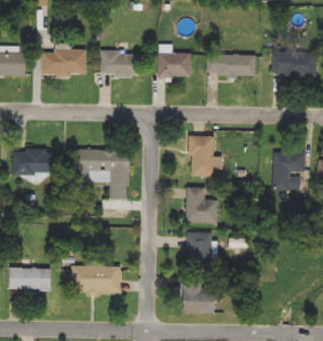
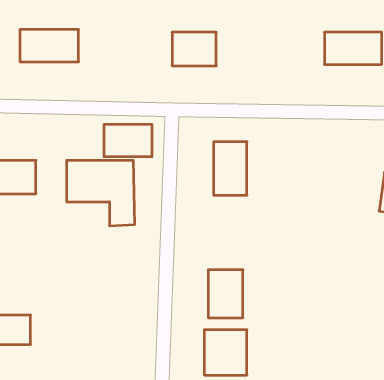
building: [100,51,136,75] -> [104,125,152,157]
building: [205,55,254,75] -> none
building: [270,149,305,190] -> none
building: [186,187,217,221] -> none
building: [70,260,119,292] -> none

